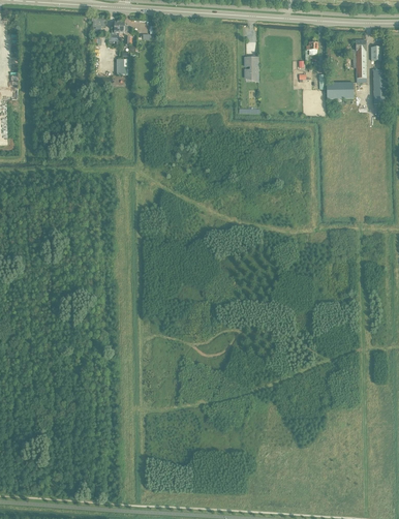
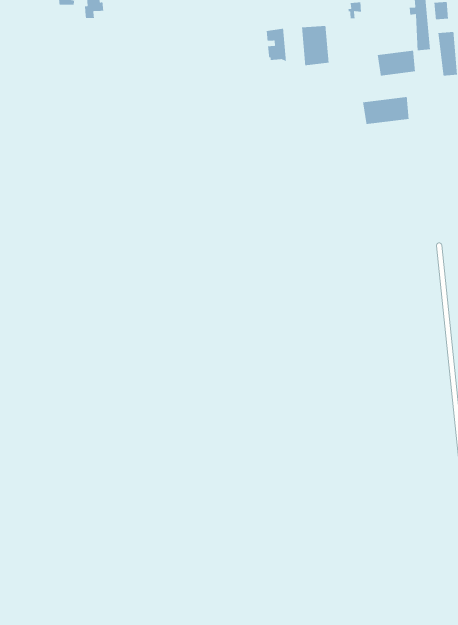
building: none -> [301,25,329,66]
building: none -> [362,96,410,125]

